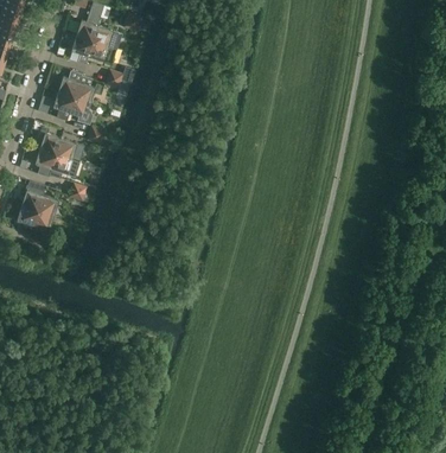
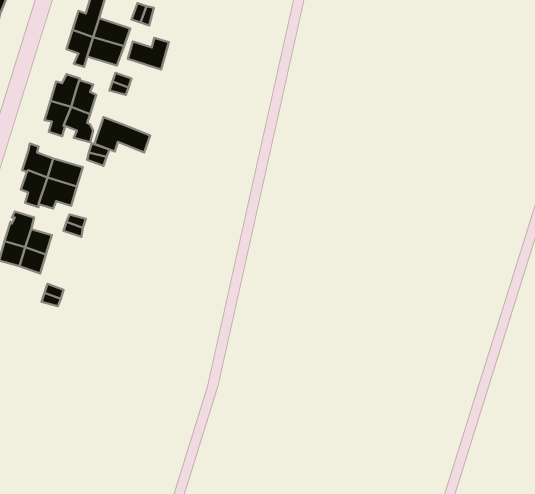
building: none -> [128,38,169,69]
building: none -> [94,117,150,152]

